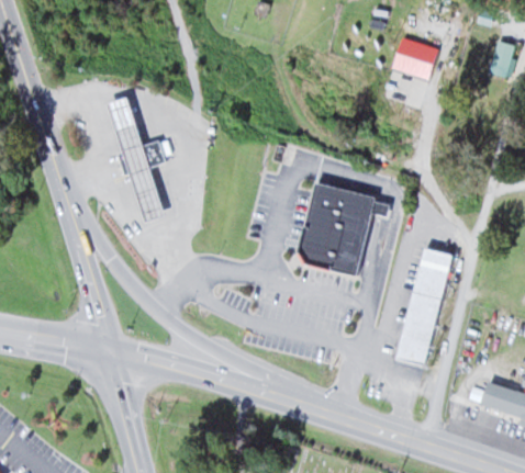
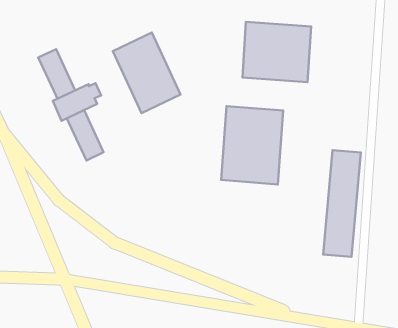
building: none -> [113,33,181,113]
building: none -> [242,22,311,82]

